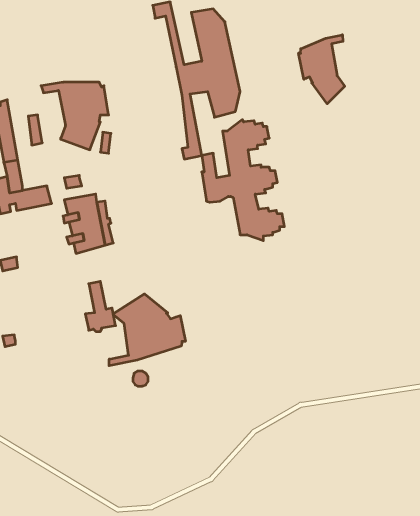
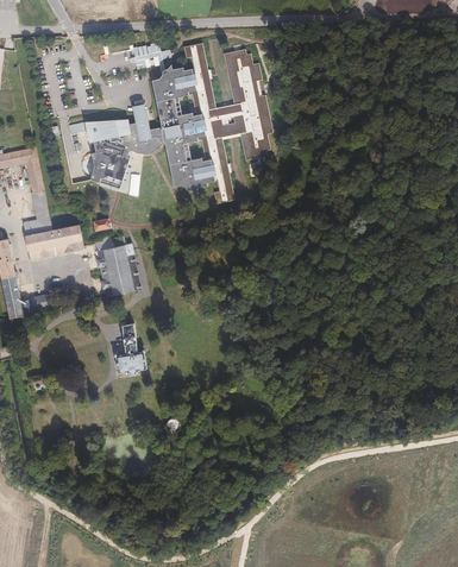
building: [299,35,345,104] -> none
building: [202,120,284,241] -> [133,70,218,194]
building: [109,294,185,366] -> none

